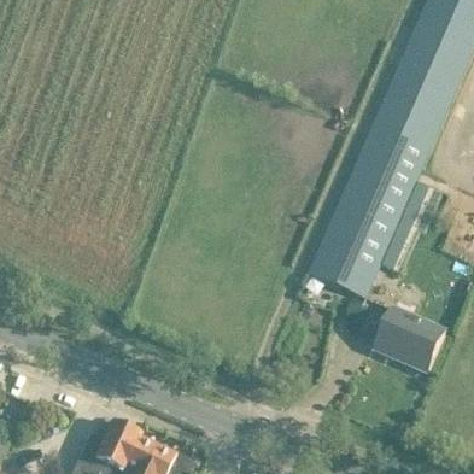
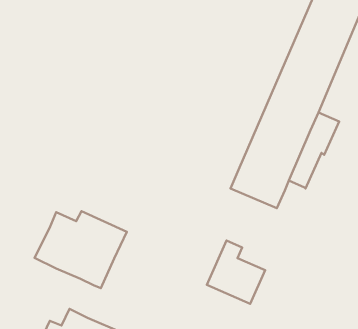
building: [375,294,446,371] -> [207,241,265,304]
building: none -> [34,211,127,288]

